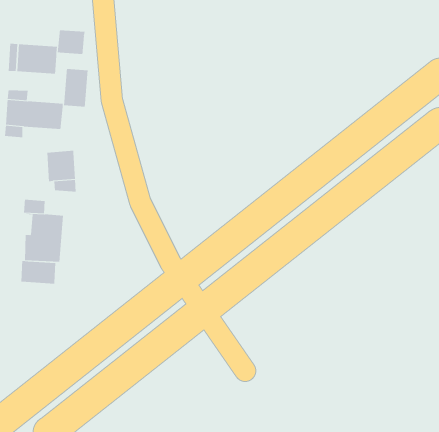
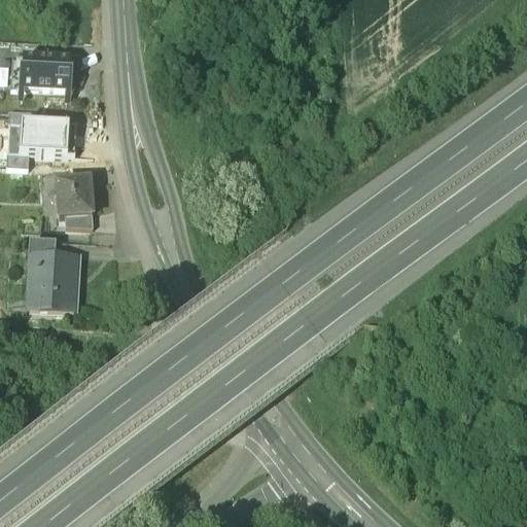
building: [57,29,85,55] -> none
building: [64,68,88,108] -> none
building: [21,260,56,285] -> none

